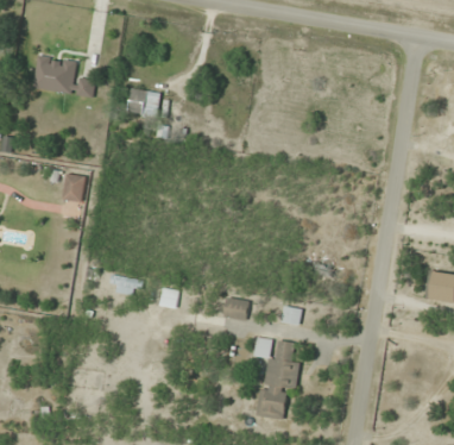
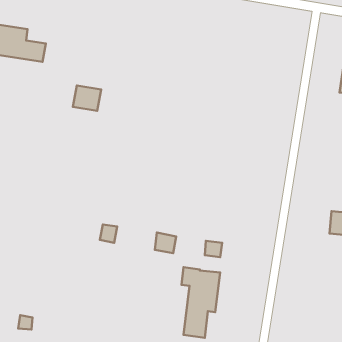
building: [126,87,159,117] -> [73,85,101,111]
building: [61,173,84,201] -> none

